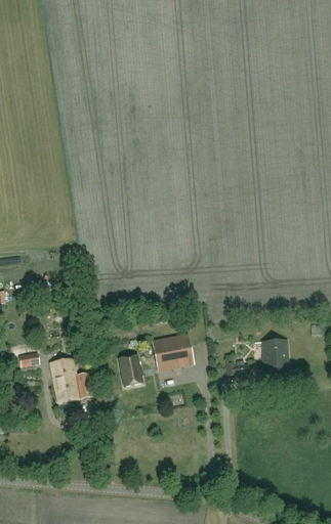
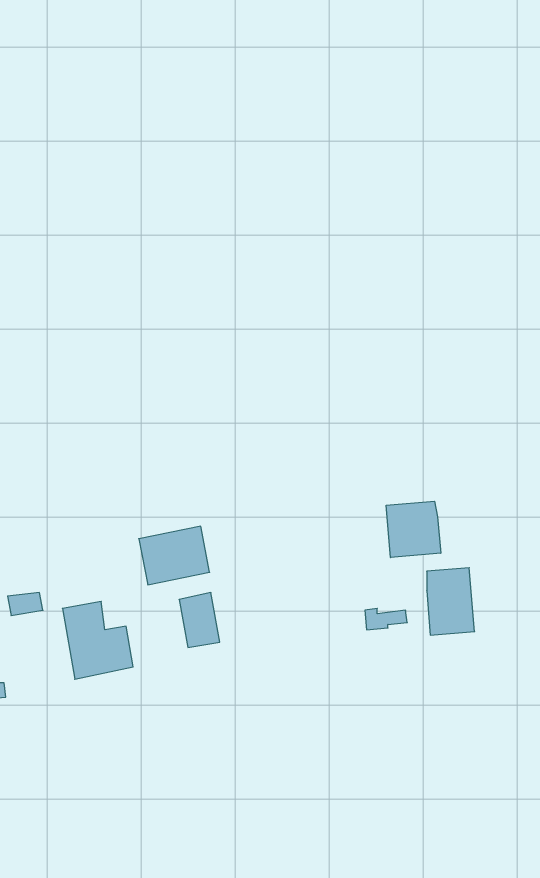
building: none -> [386,501,441,558]
building: [151,334,192,367] -> [139,526,210,585]

